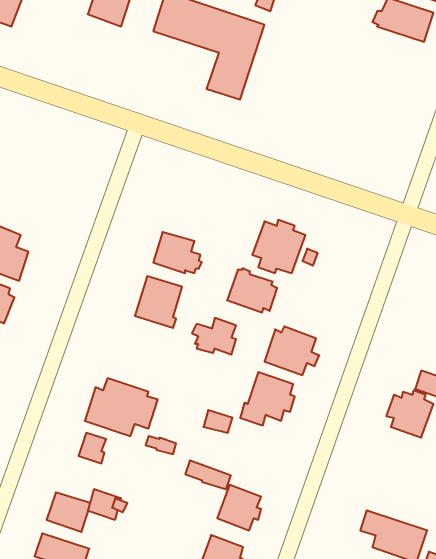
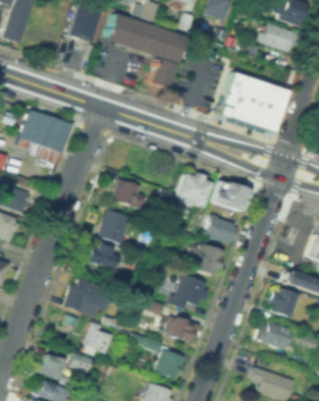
building: none -> [215,71,283,131]
building: none -> [16,109,73,165]
building: none -> [221,181,256,214]
building: [227,268,277,312] -> [202,215,235,244]
building: [192,318,236,354] -> [84,242,113,267]
building: none -> [163,317,198,341]
building: none -> [81,322,112,355]
building: none -> [255,322,290,349]

